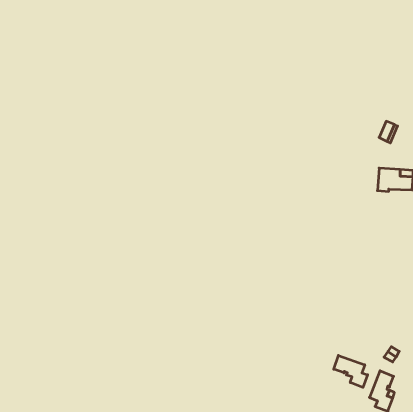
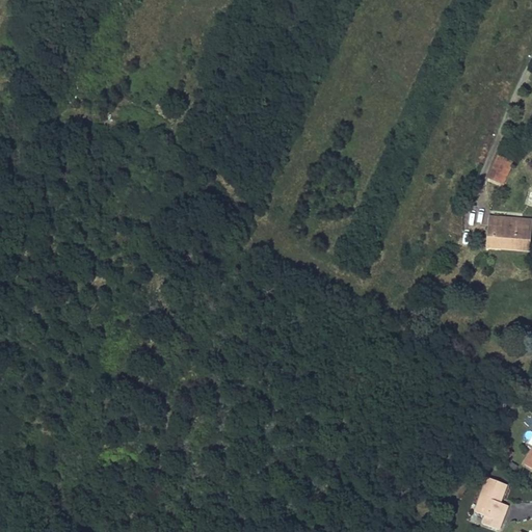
building: [334,355,368,387] -> none

